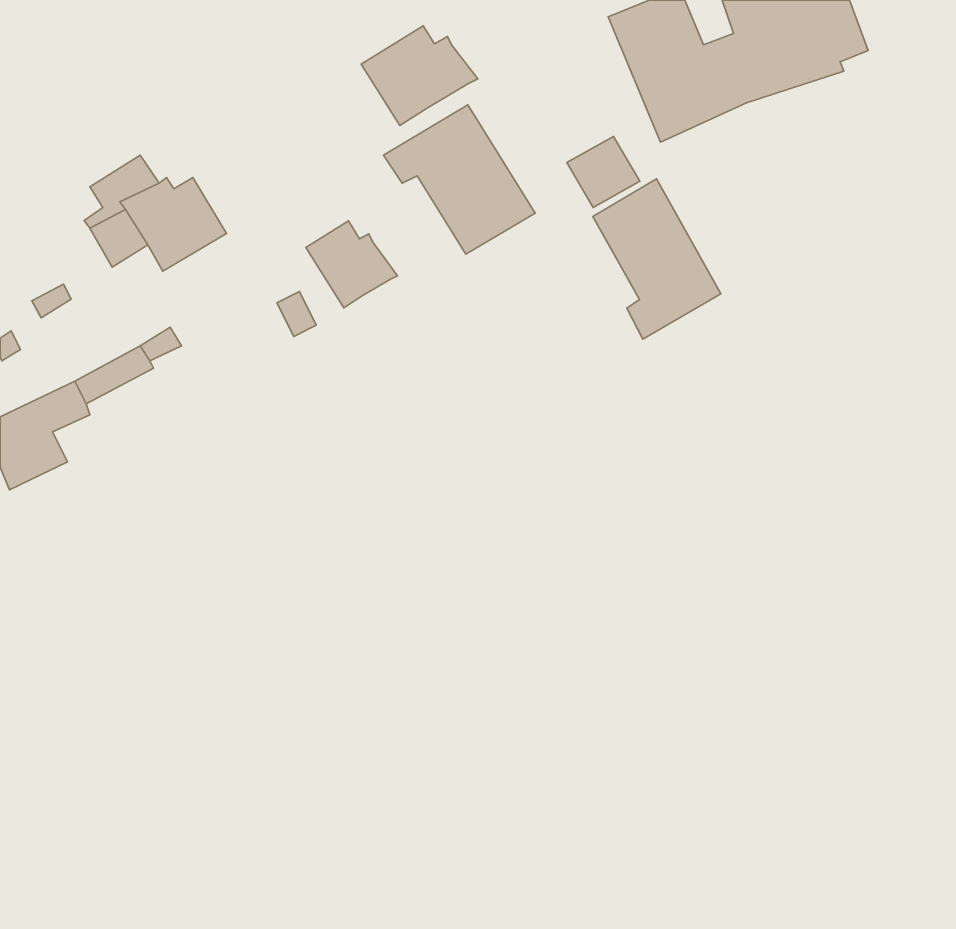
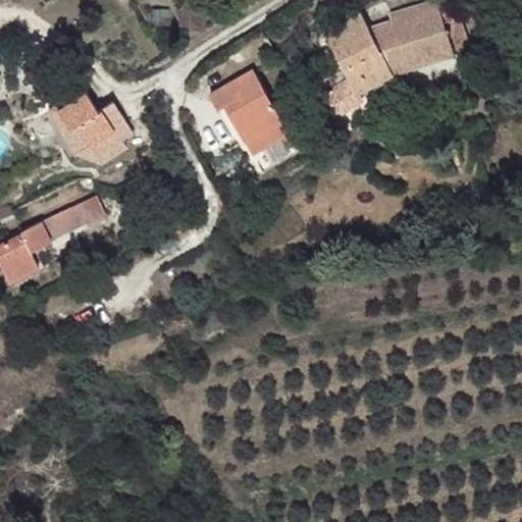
building: [361,26,478,126] -> none
building: [593,179,721,339] -> none
building: [306,221,398,308] -> none

